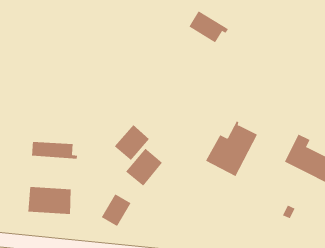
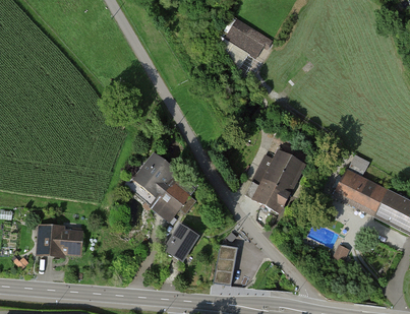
building: [32,141,78,159] -> none
building: [101,194,132,227] -> [165,219,200,258]
building: none -> [214,242,237,284]

